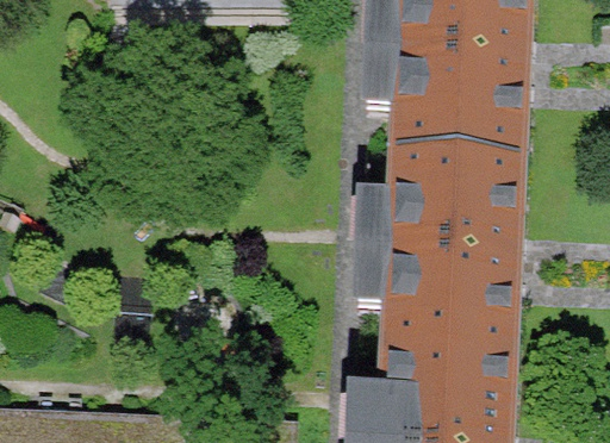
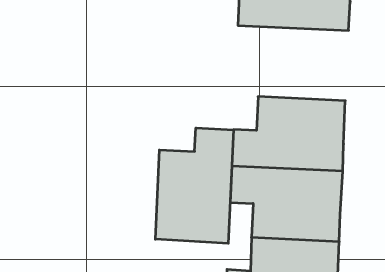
building: [371,55,529,161] -> none
building: none -> [155,128,234,243]

